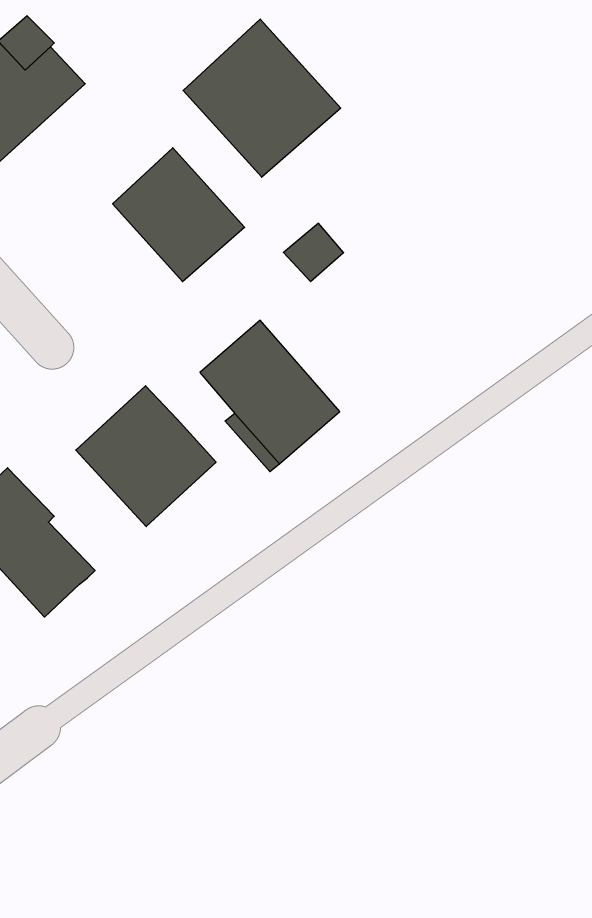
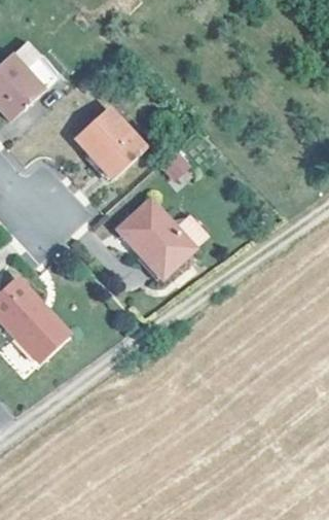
building: [183,19,341,177] -> none
building: [76,386,216,527] -> none

